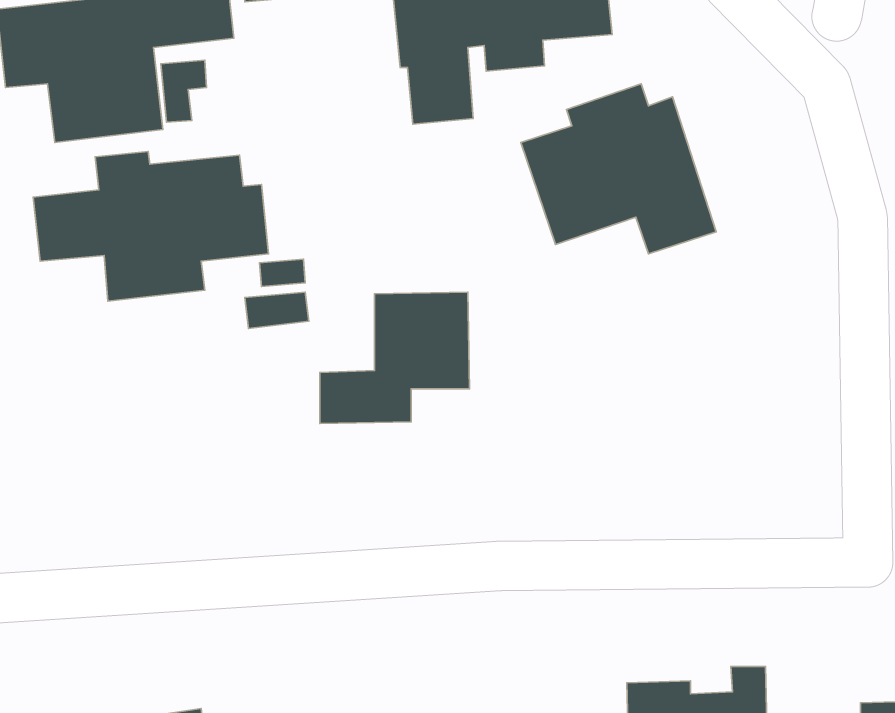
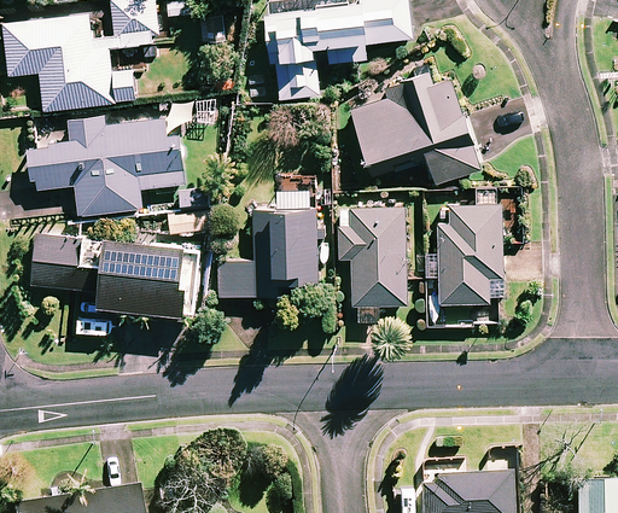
building: none -> [437,190,518,305]
building: none -> [336,208,406,322]
building: none -> [31,233,198,315]

